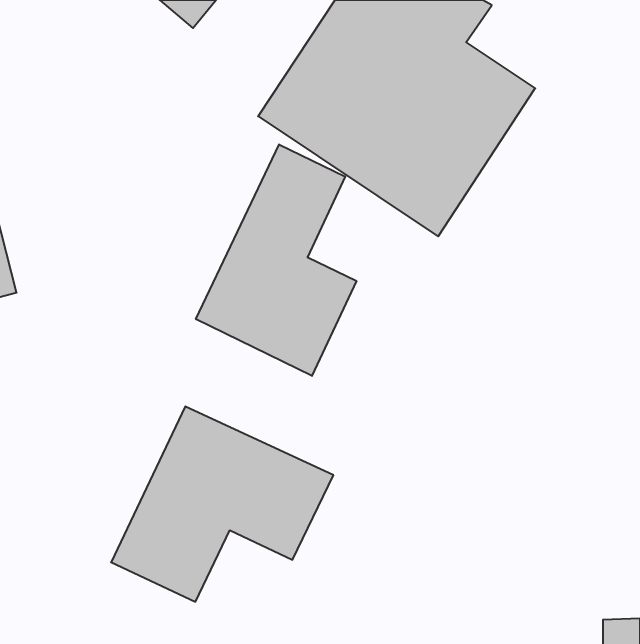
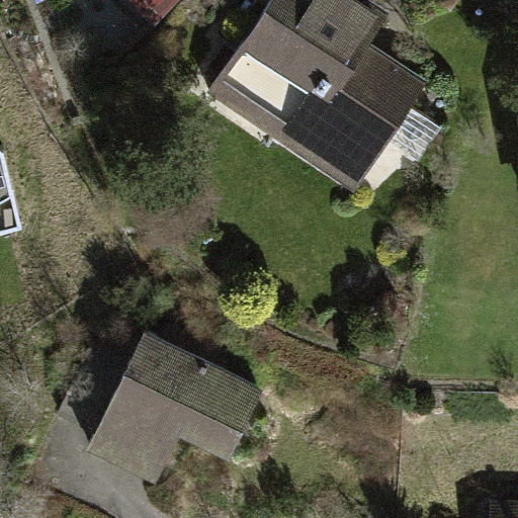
building: [196,144,356,376] -> none

